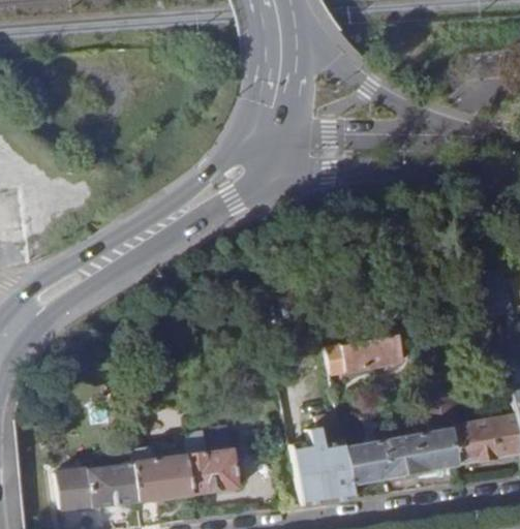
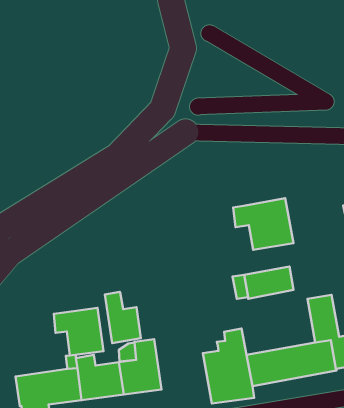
building: none -> [233,198,293,250]
building: none -> [105,292,141,343]
building: none -> [54,308,104,355]

